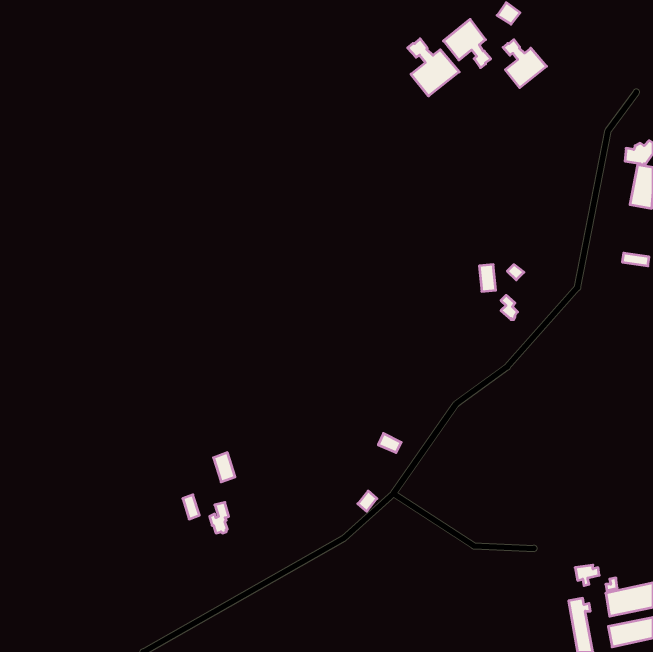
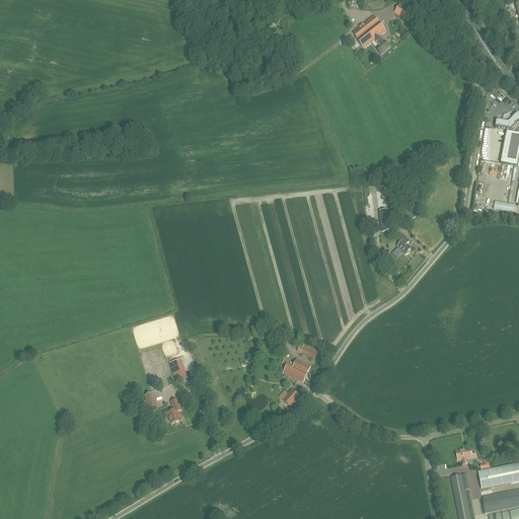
building: [408,39,459,96] -> none
building: [503,40,547,88] -> none
building: none -> [283,359,311,382]

